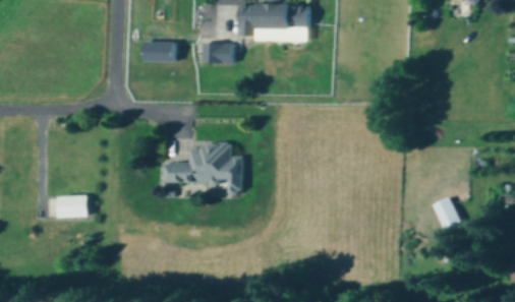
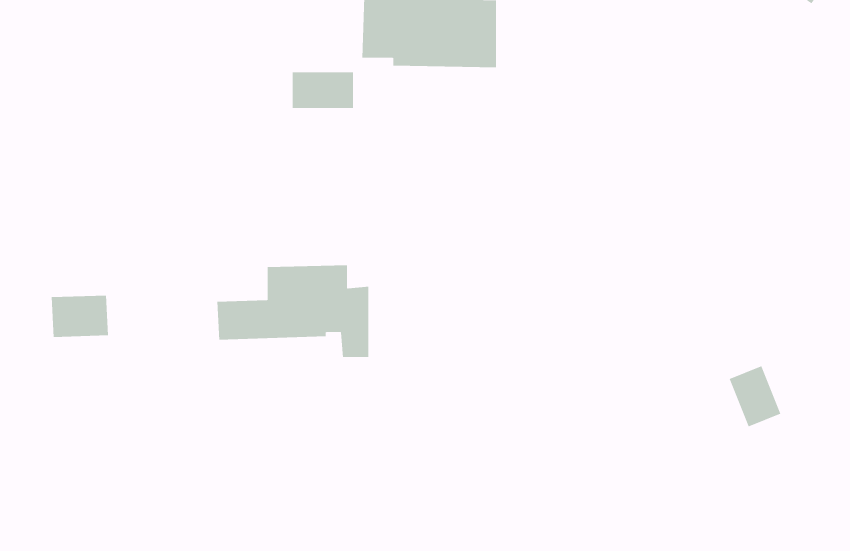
building: [146,41,178,60] -> none
building: [59,194,90,217] -> [51,295,109,338]

